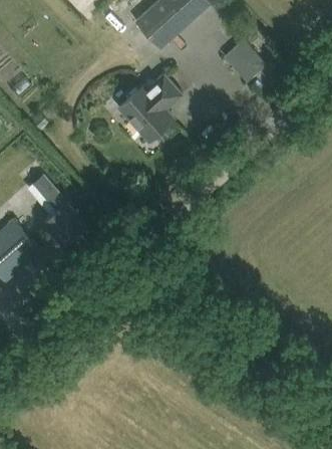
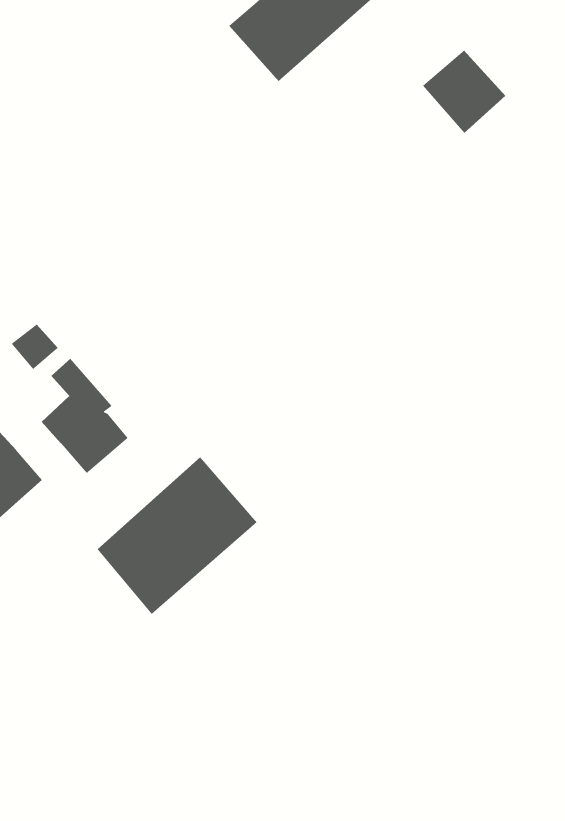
building: [115,73,181,143] -> none
building: none -> [97,456,257,615]

